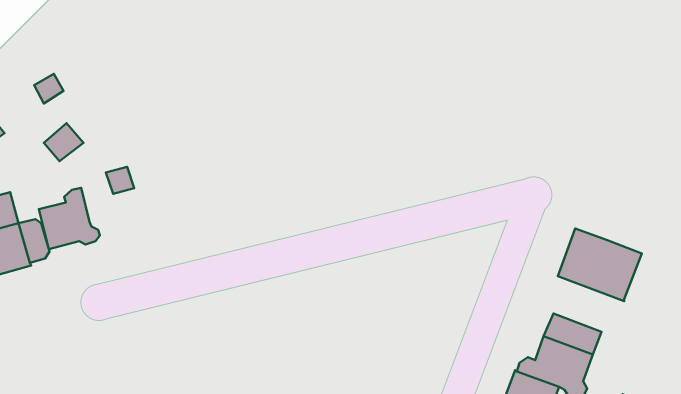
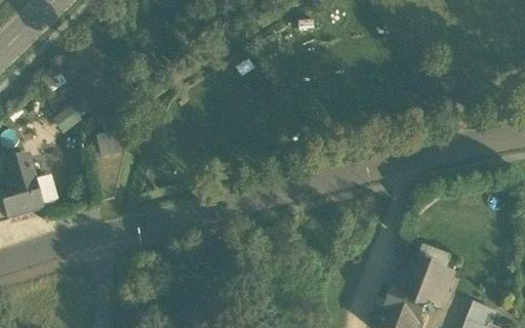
building: [39,188,100,249] -> none
building: [558,228,642,301] -> none

